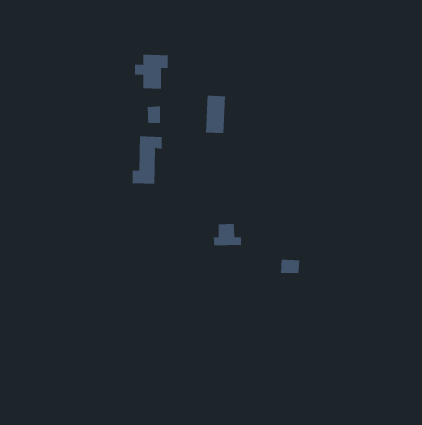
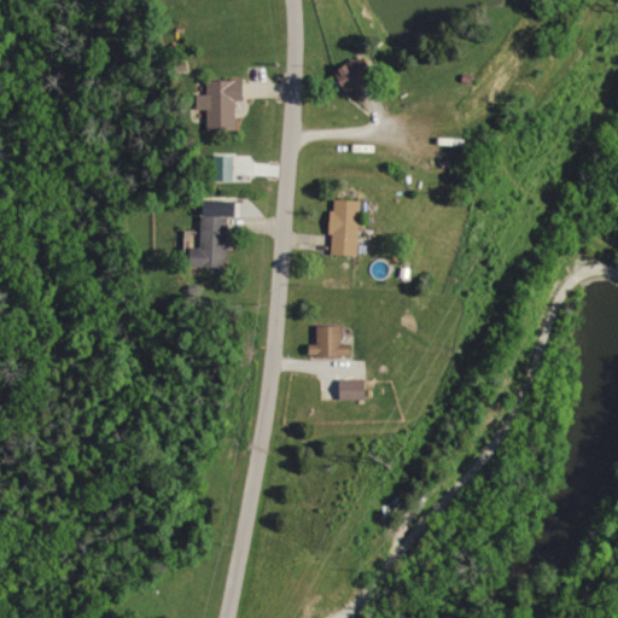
building: none -> [333,59,369,92]
building: [205,95,226,134] -> [328,199,358,255]
building: [280,259,300,273] -> [337,379,366,400]

